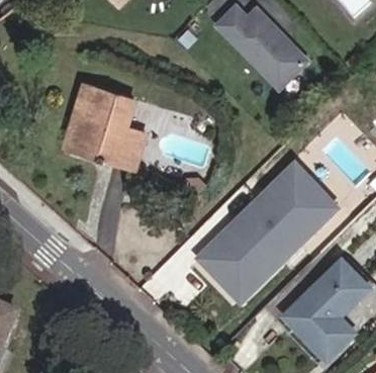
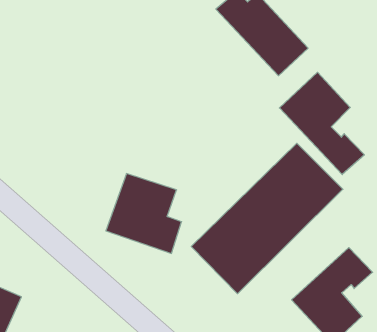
building: [67,86,142,165] -> [106,174,182,253]
building: none -> [279,72,364,175]

